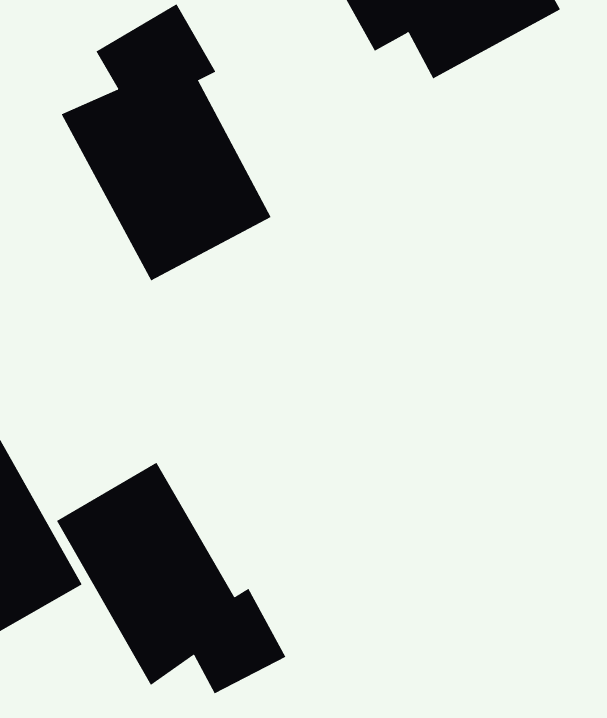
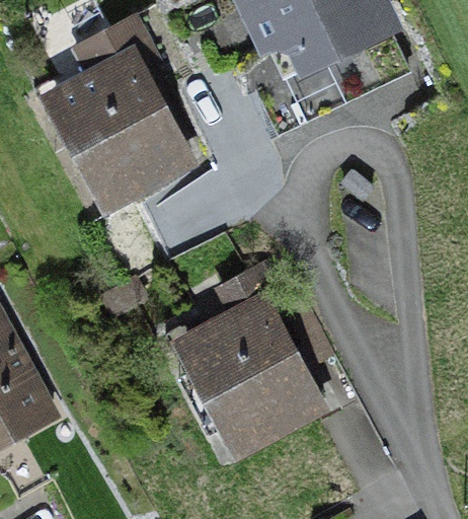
building: none -> [173,292,321,452]
building: [56,462,286,694] -> none

